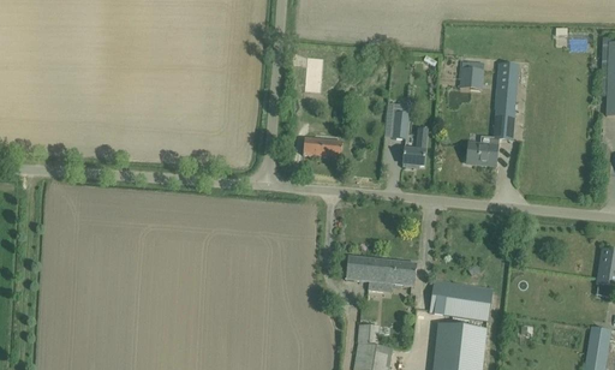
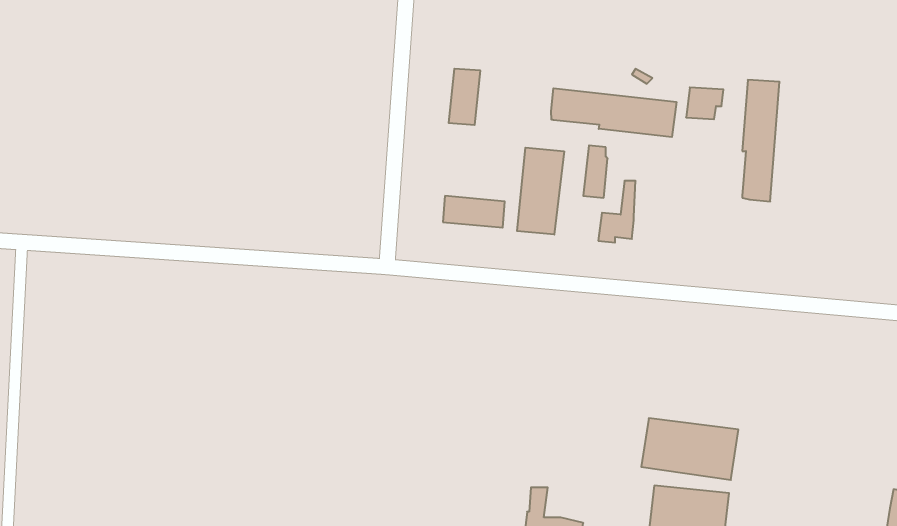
building: none -> [551,88,676,137]
building: none -> [517,148,564,235]
building: [465,136,500,163] -> none
building: [346,256,417,290] -> none

